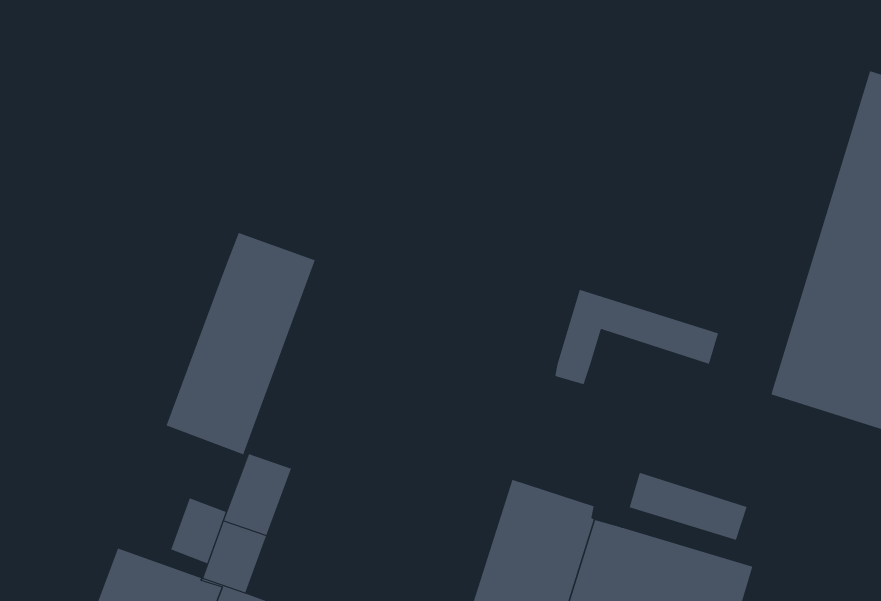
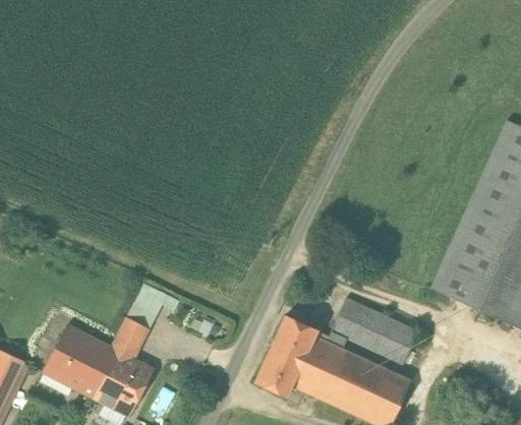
building: [166,232,315,455] -> none
building: [555,289,719,385] -> [328,297,419,349]
building: [170,498,227,564] -> none

